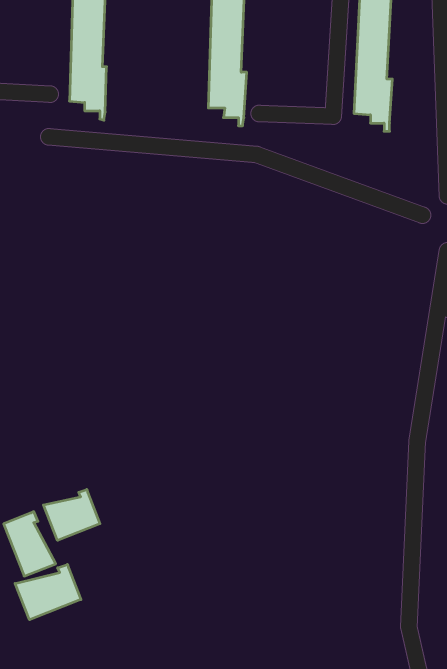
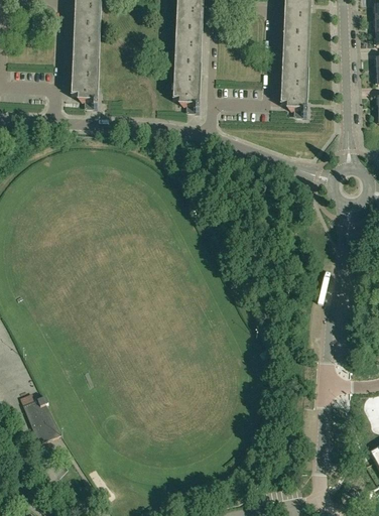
building: [43,489,100,540] -> none
building: [15,564,81,620] -> none

